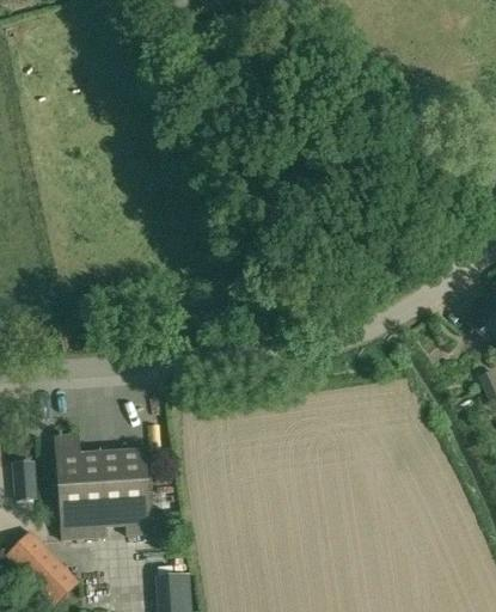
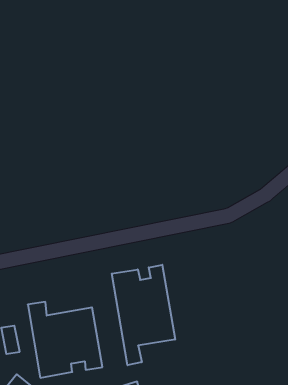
building: none -> [112,265,175,365]

